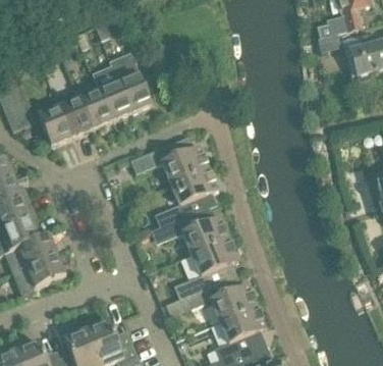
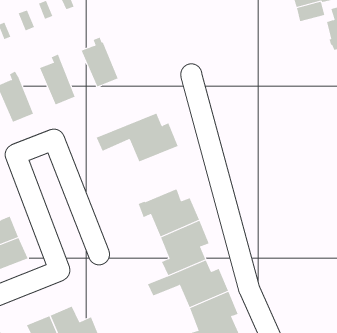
building: [96,71,130,120] -> none
building: [56,88,91,137] -> none
building: [170,167,217,220] -> none

